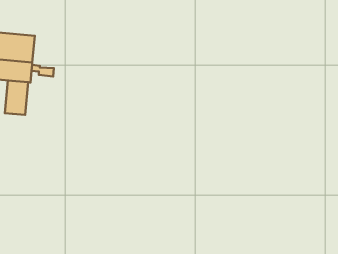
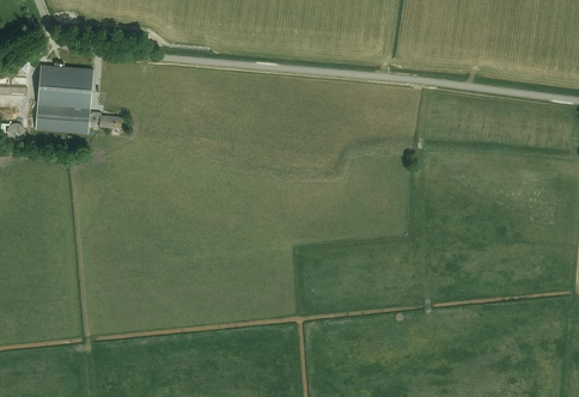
building: [5,80,28,115] -> none

